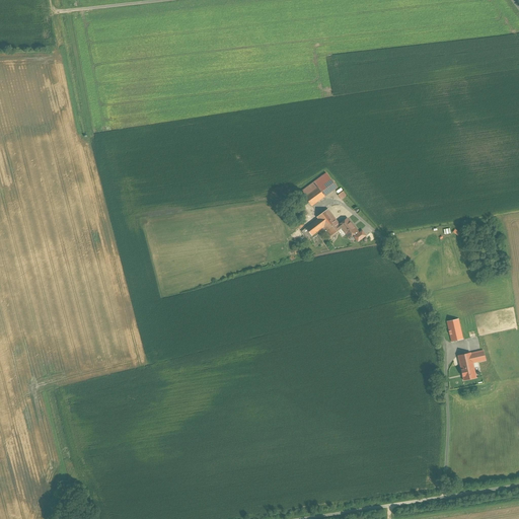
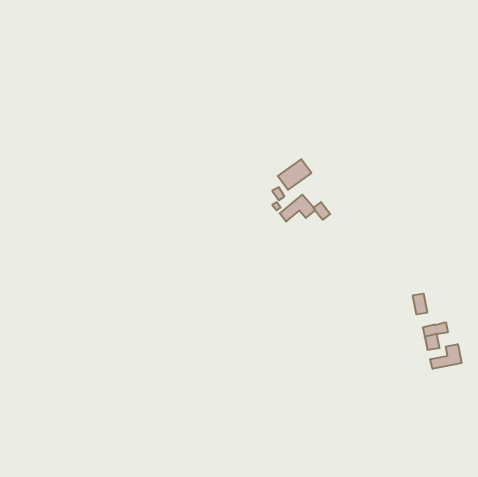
building: none -> [430,344,462,369]

